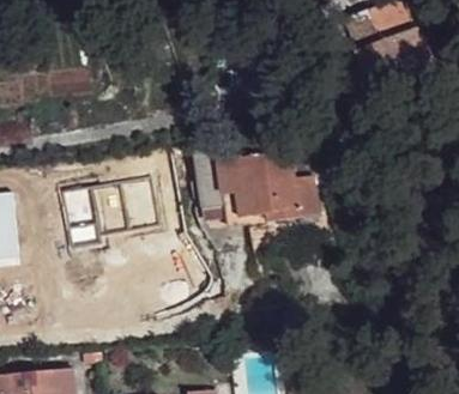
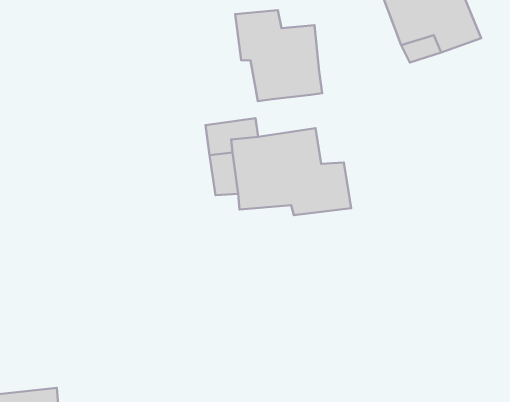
building: none -> [235,10,322,101]

